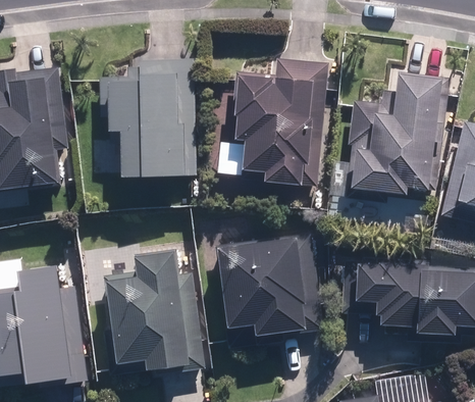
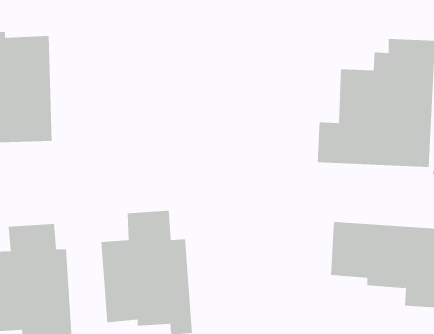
building: [97,56,193,180] -> none
building: [238,58,325,190] -> none
building: [222,239,318,338] -> none

